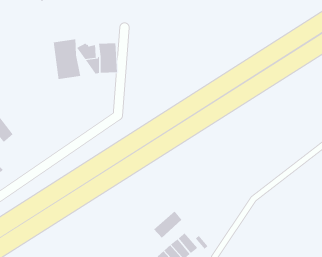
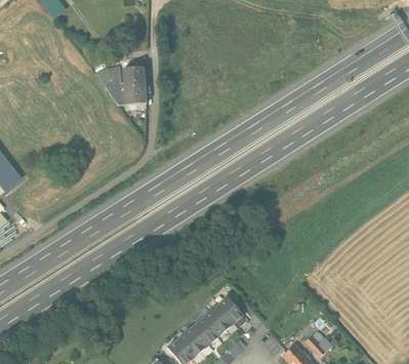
building: [53,39,81,80] -> none
building: [153,211,182,239] -> none

